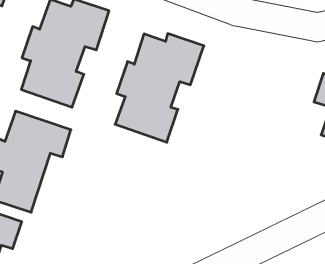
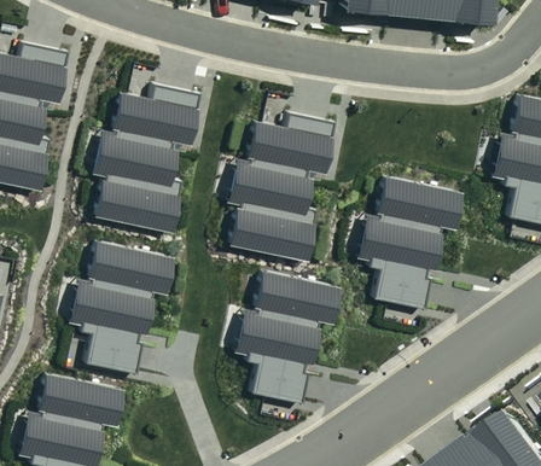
building: none -> [356,179,464,310]
building: none -> [233,272,339,403]

